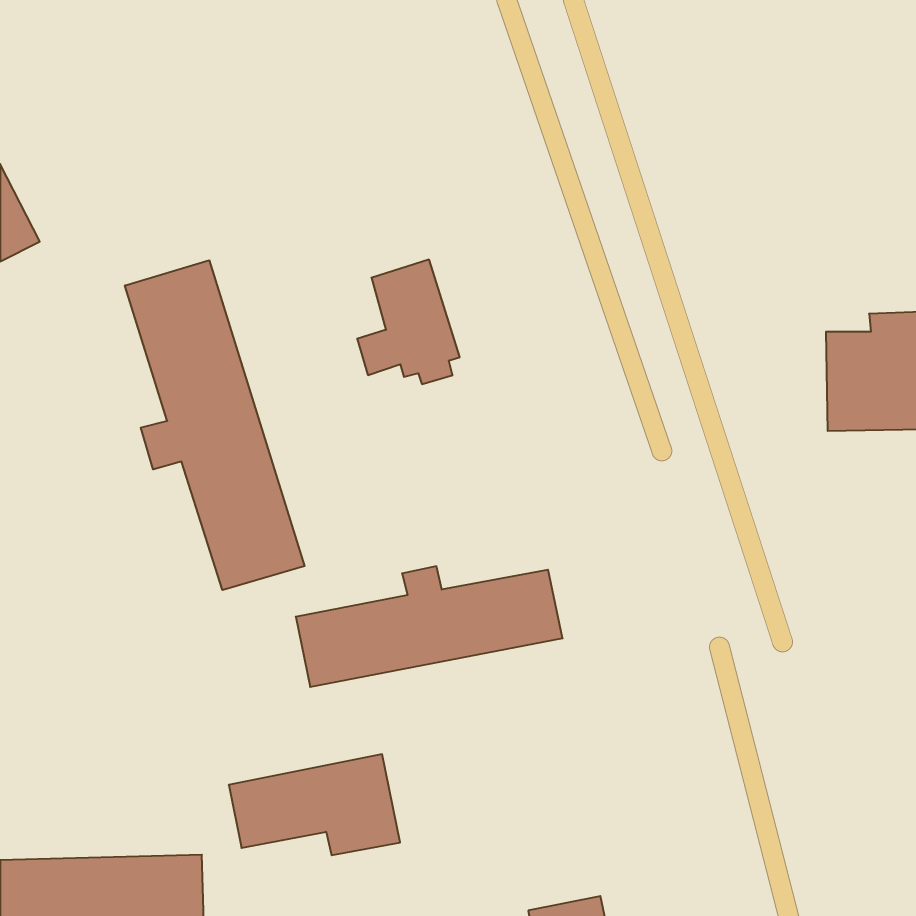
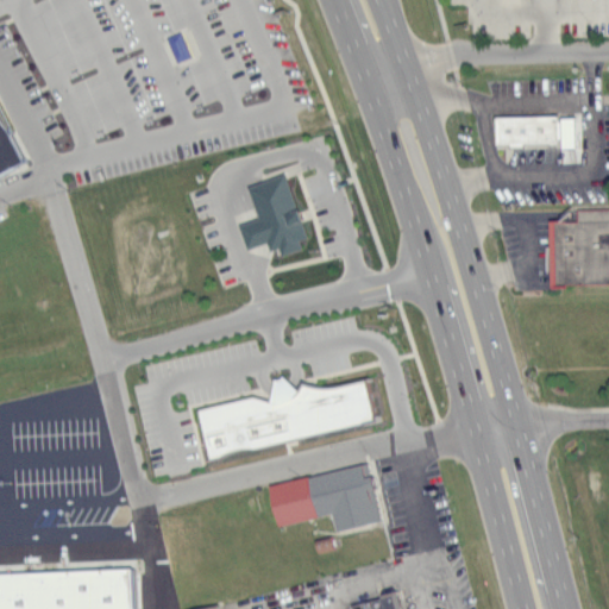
building: none -> [495,118,582,164]
building: [125,260,305,590] -> none
building: [229,754,400,855] -> [269,465,382,532]

